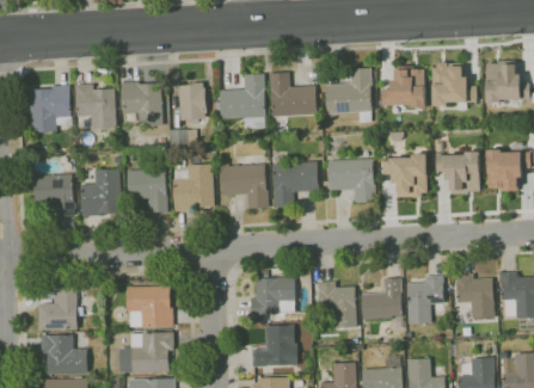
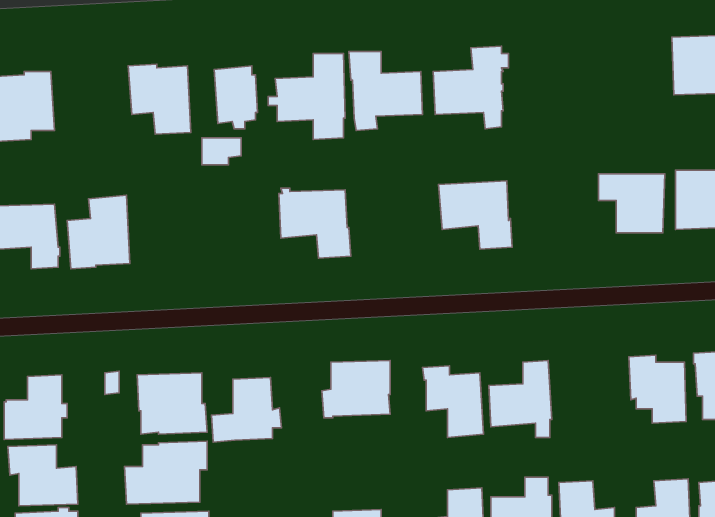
building: [430,62,474,103] -> none
building: [379,67,423,106] -> none
building: [74,82,117,128] -> none
building: [380,155,425,196] -> none
building: [272,161,319,208] -> none
building: [127,162,167,211] -> none
building: [172,162,215,211] -> none
building: [406,275,444,324] -> none
building: [251,324,297,367] -> [211,377,281,442]

